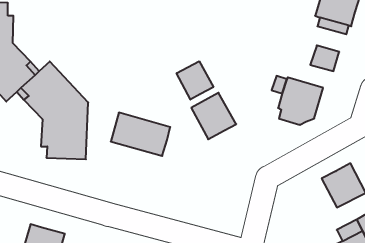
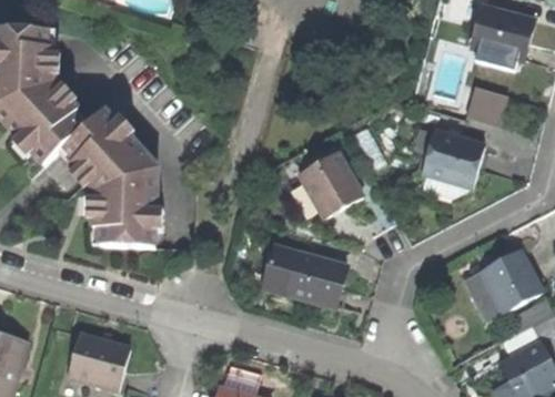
building: [177,61,213,100] -> none
building: [111,113,170,156] -> [264,246,346,306]
building: none -> [461,271,503,322]

